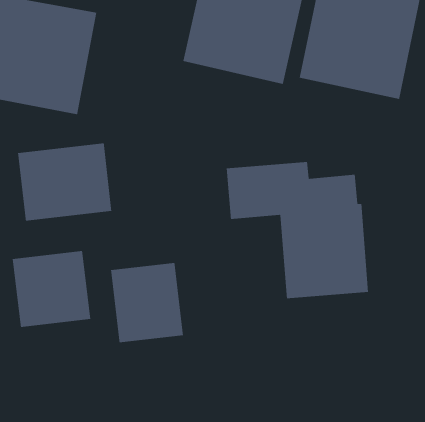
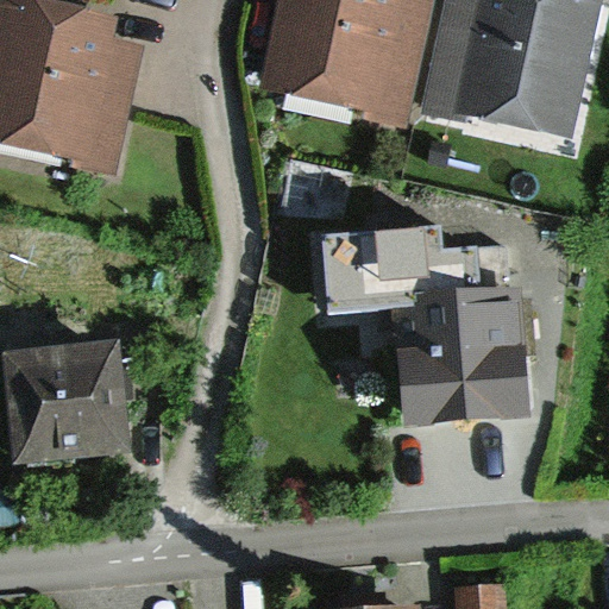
building: [18,142,112,222] -> none
building: [111,262,184,343] -> none

